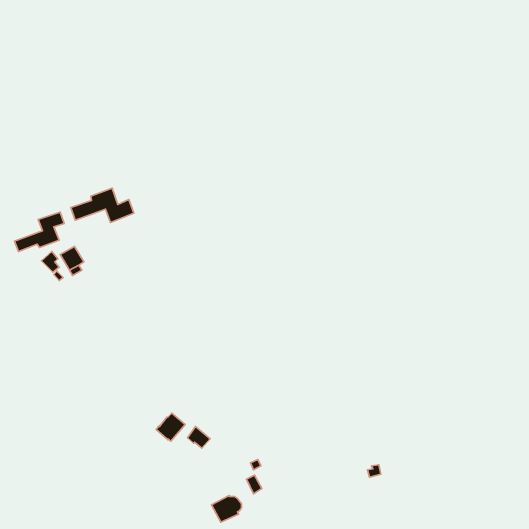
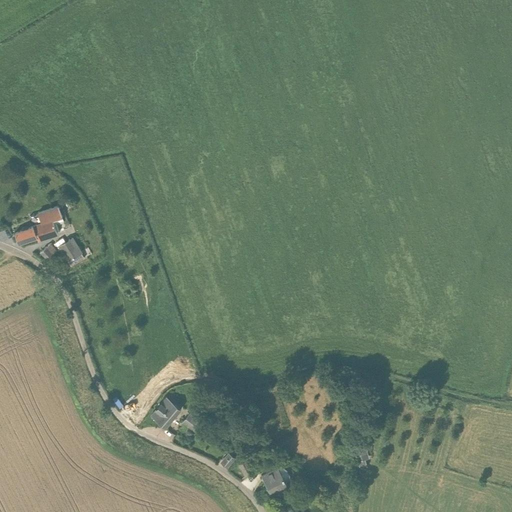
building: [71,188,134,223] -> none
building: [212,495,242,522] -> [261,466,290,492]

